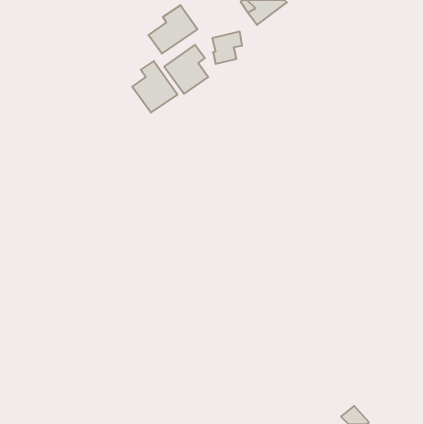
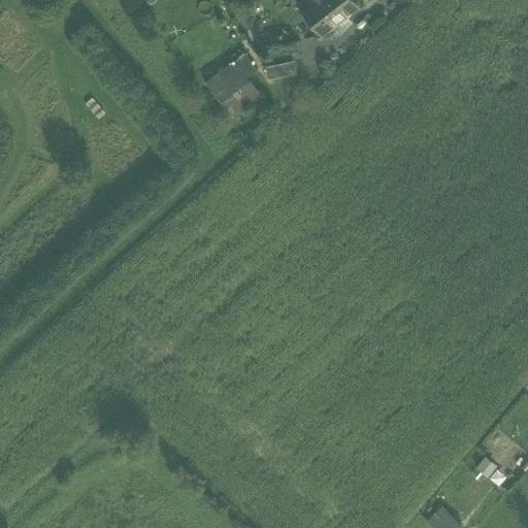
building: [148,5,197,54] -> none
building: [132,61,177,113] -> none

